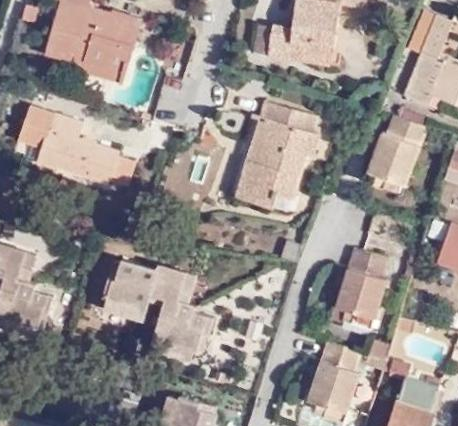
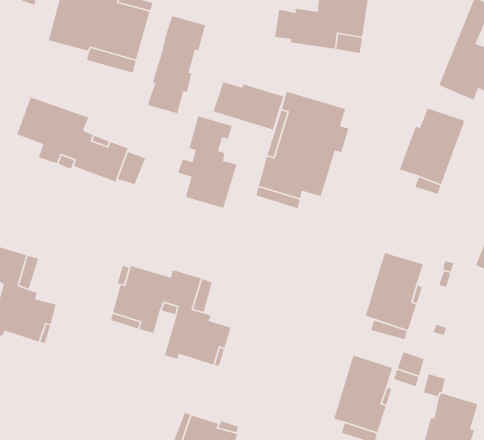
building: none -> [148,15,206,114]
building: none -> [212,81,285,130]
building: none -> [177,115,237,209]

